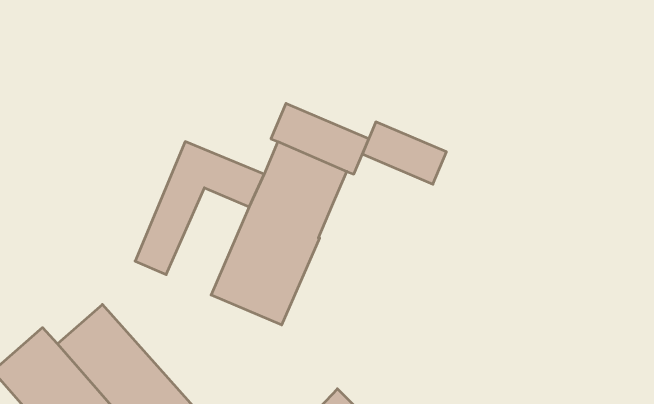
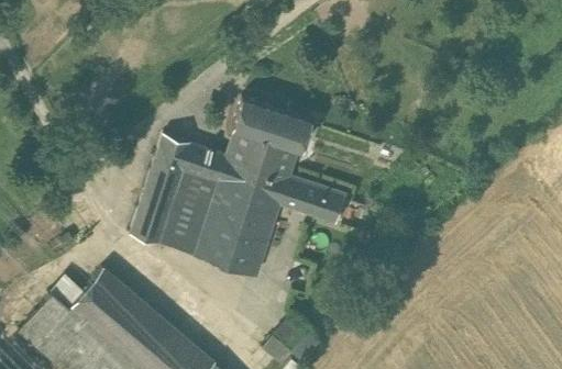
building: [362,122,446,184] -> [279,182,348,233]
building: none -> [156,168,223,255]

